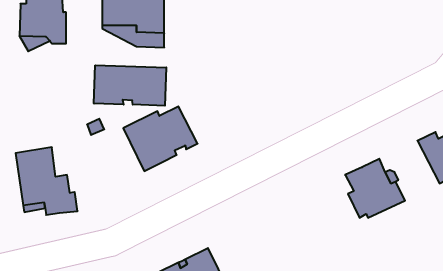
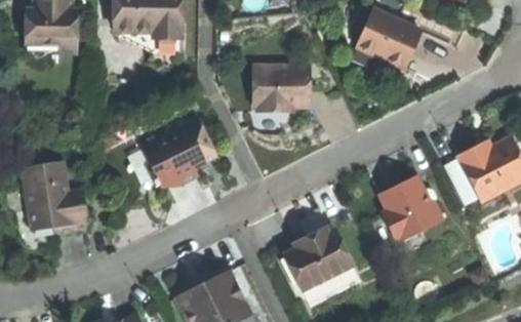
building: none -> [357,8,422,67]
building: none -> [257,65,309,110]
building: [94,65,166,106] -> none
building: none -> [284,227,353,288]

